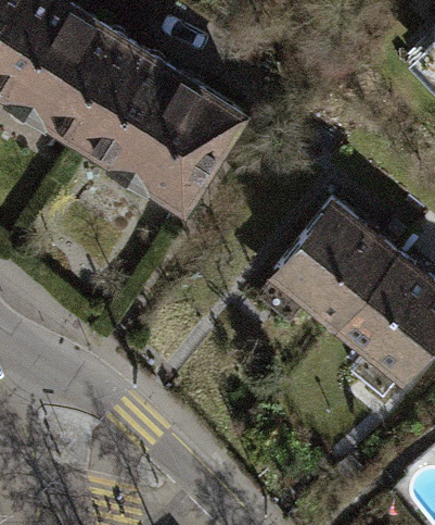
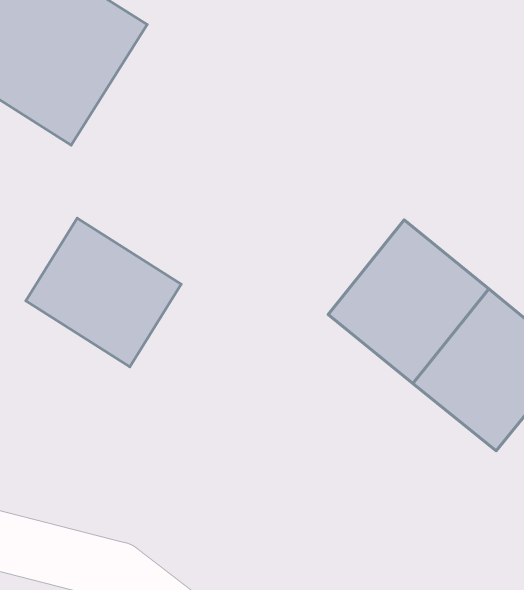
building: [82,52,243,209] -> none
building: none -> [26,218,181,367]

